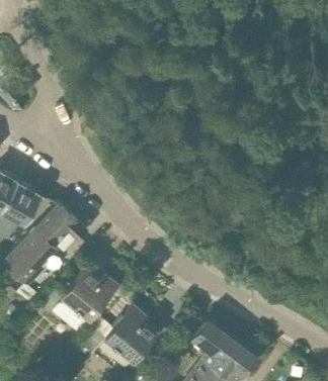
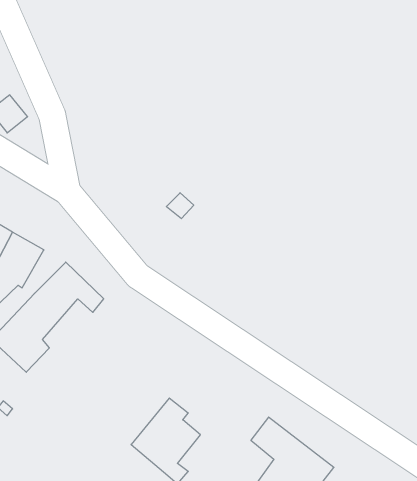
building: [63,267,118,319] -> none

